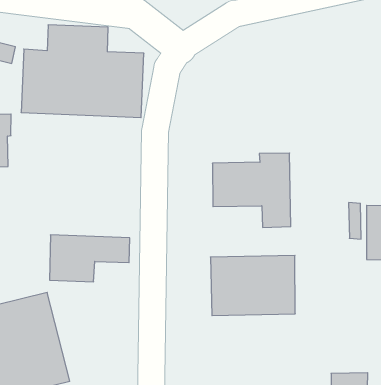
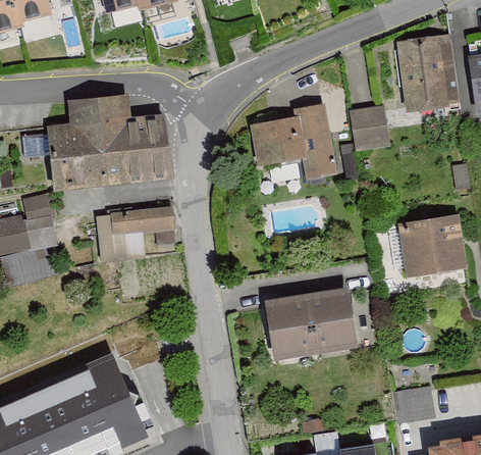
building: none -> [351,107,388,146]
building: [212,153,291,227] -> [252,105,335,180]
building: [50,235,130,282] -> [91,203,169,255]

